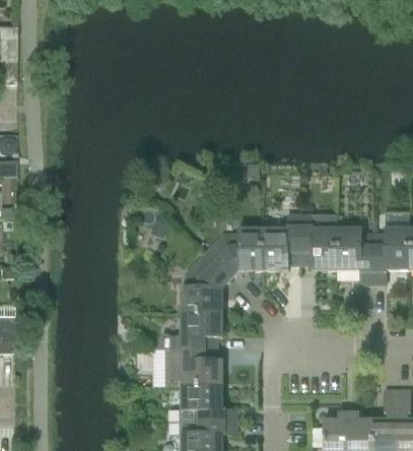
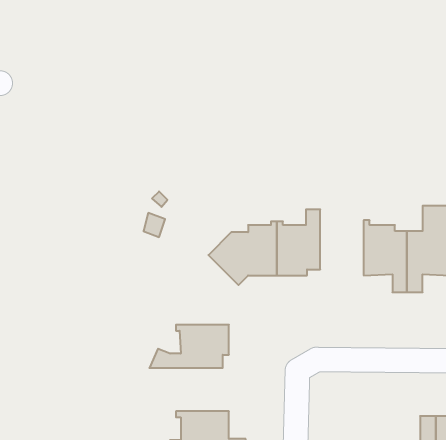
building: [300,214,337,270] -> none
building: [179,253,231,312] -> none
building: [168,348,223,385] -> none

